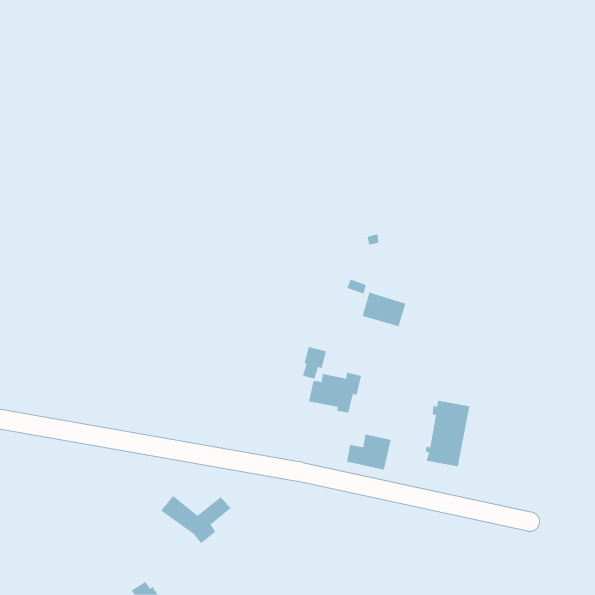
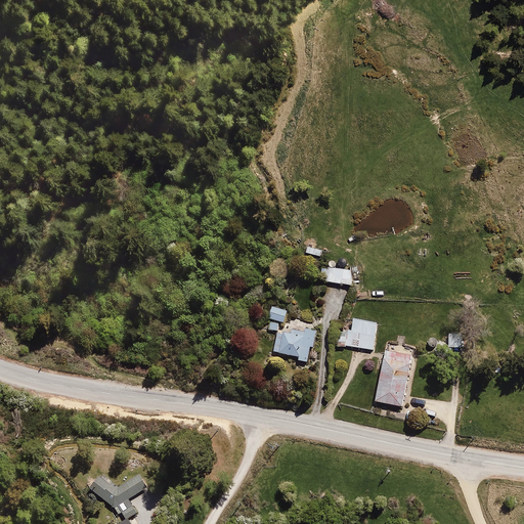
building: [346,434,392,470] -> [337,319,377,351]
building: [160,495,231,544] -> [85,469,147,512]

